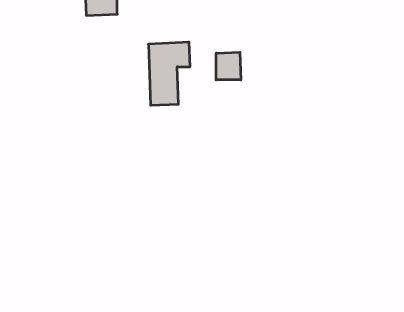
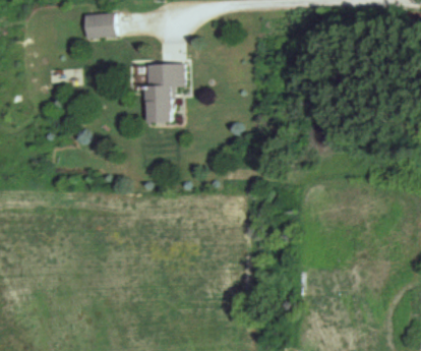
building: [216,52,241,80] -> none

